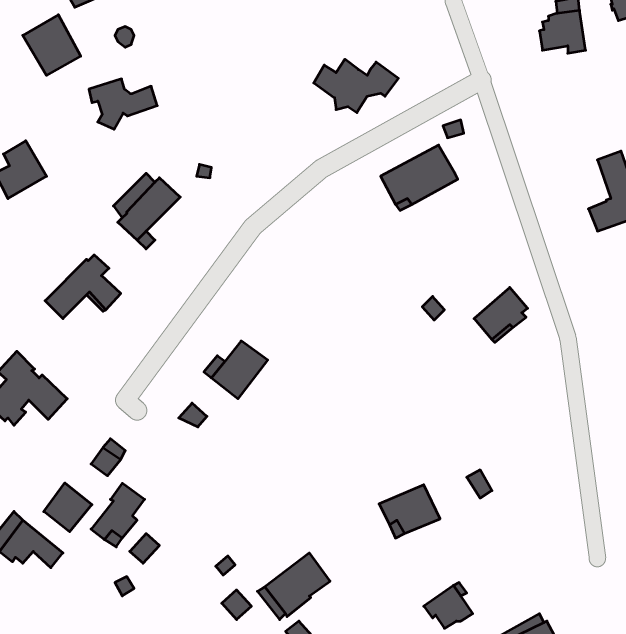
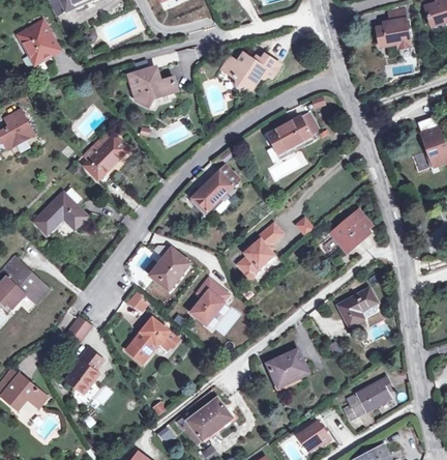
building: [89,79,157,129] -> [129,70,177,106]
building: none -> [190,165,238,212]
building: none -> [237,223,281,278]
building: none -> [190,278,228,324]
building: none -> [337,288,378,325]
building: none -> [125,317,177,363]
building: [44,483,92,532] -> none
building: none -> [342,377,391,420]

